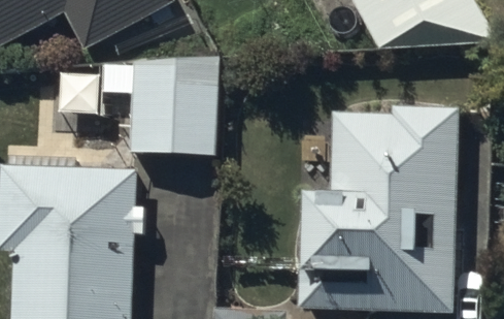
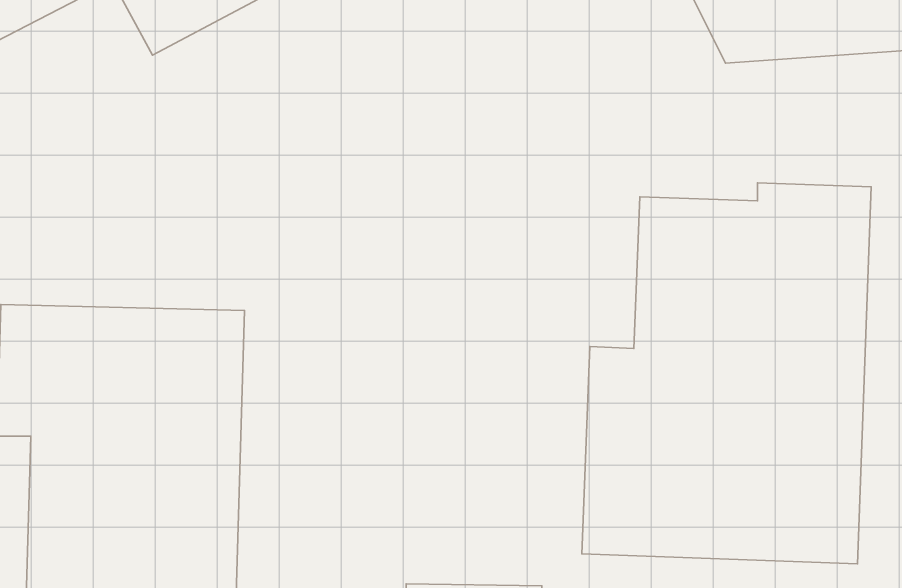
building: [131,56,219,152] -> none

